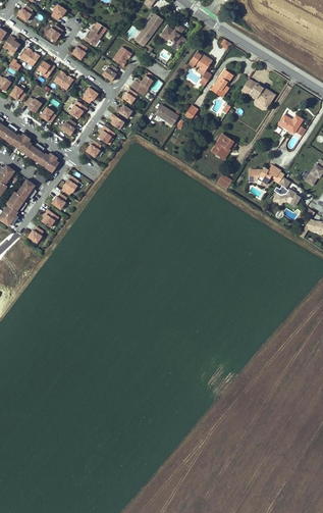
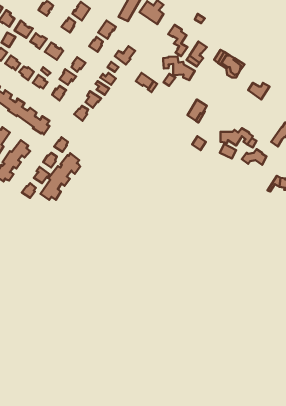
building: none -> [163,56,195,80]
building: none -> [41,153,80,200]

